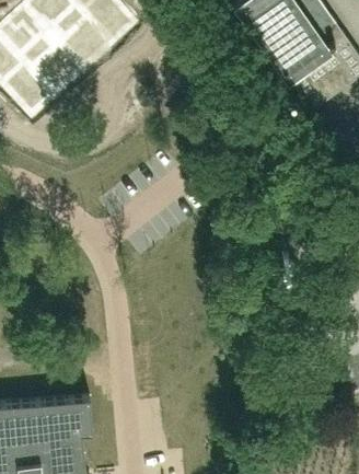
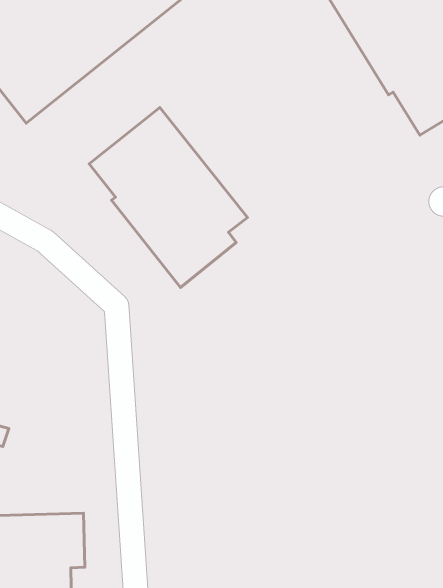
building: none -> [89,107,247,287]

